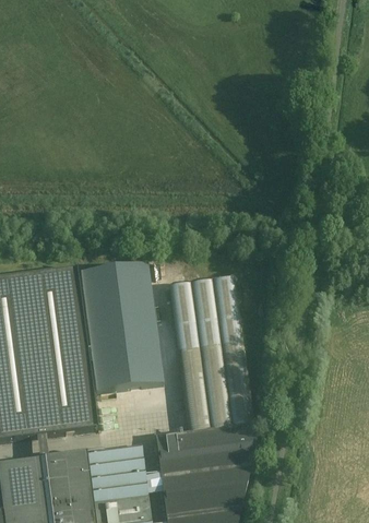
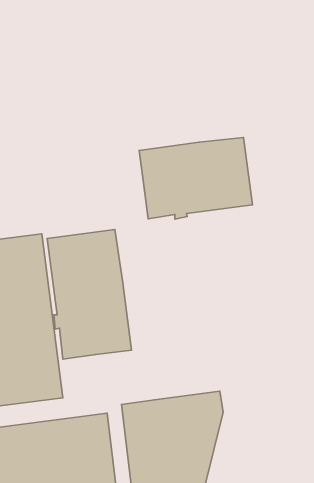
building: none -> [139,138,252,219]
building: [169,277,253,430] -> none

